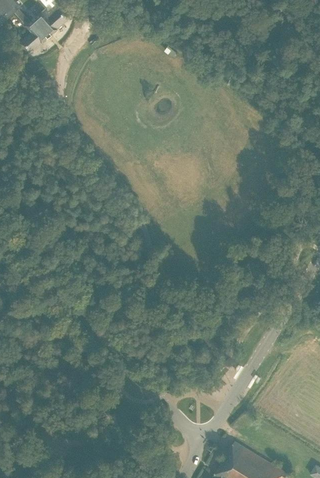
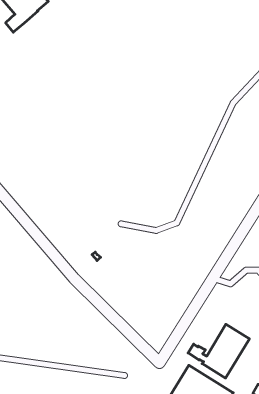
building: none -> [188,324,249,378]

